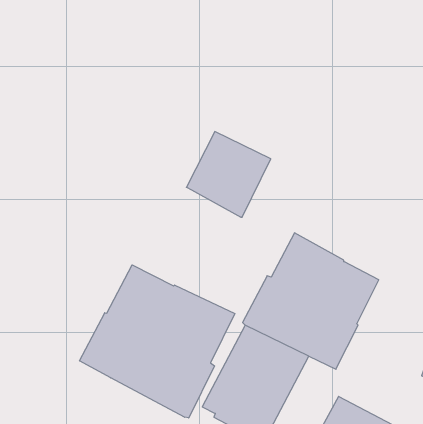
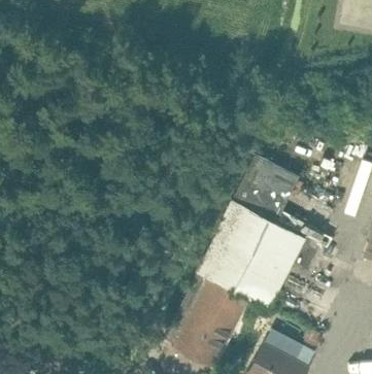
building: [186,132,271,217] -> [233,154,300,222]
building: [80,265,235,418] -> none

